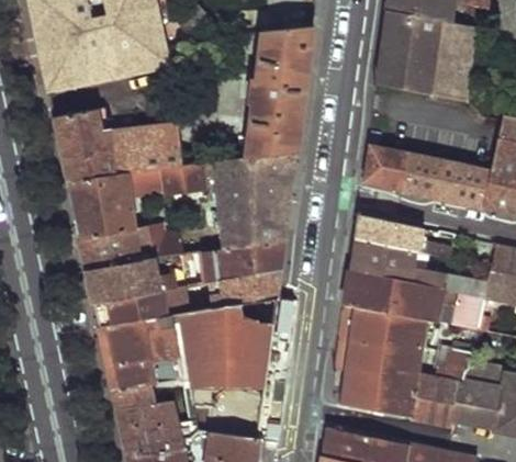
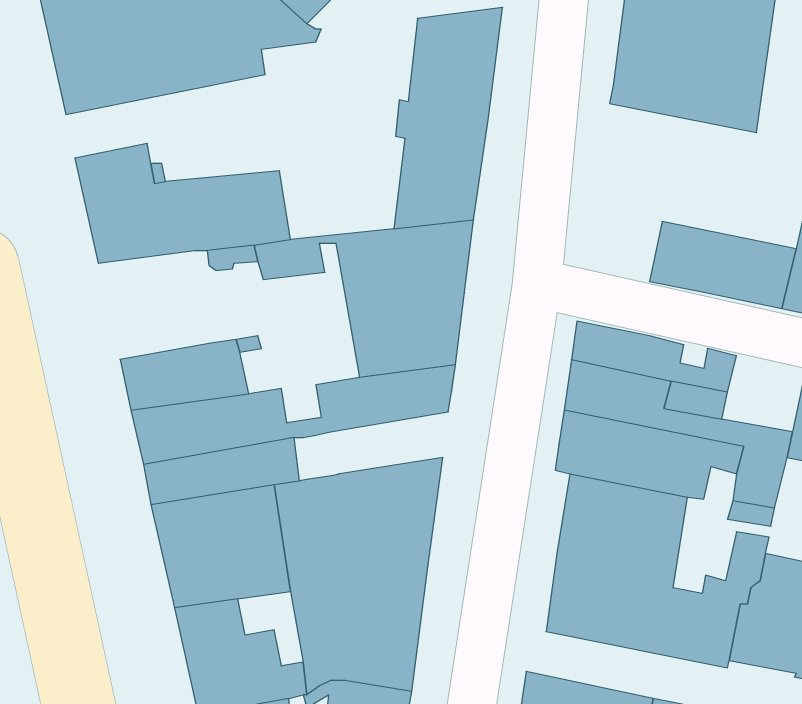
building: [362,146,408,191] -> none
building: [67,172,135,238] -> none
building: [207,270,279,307] -> none

